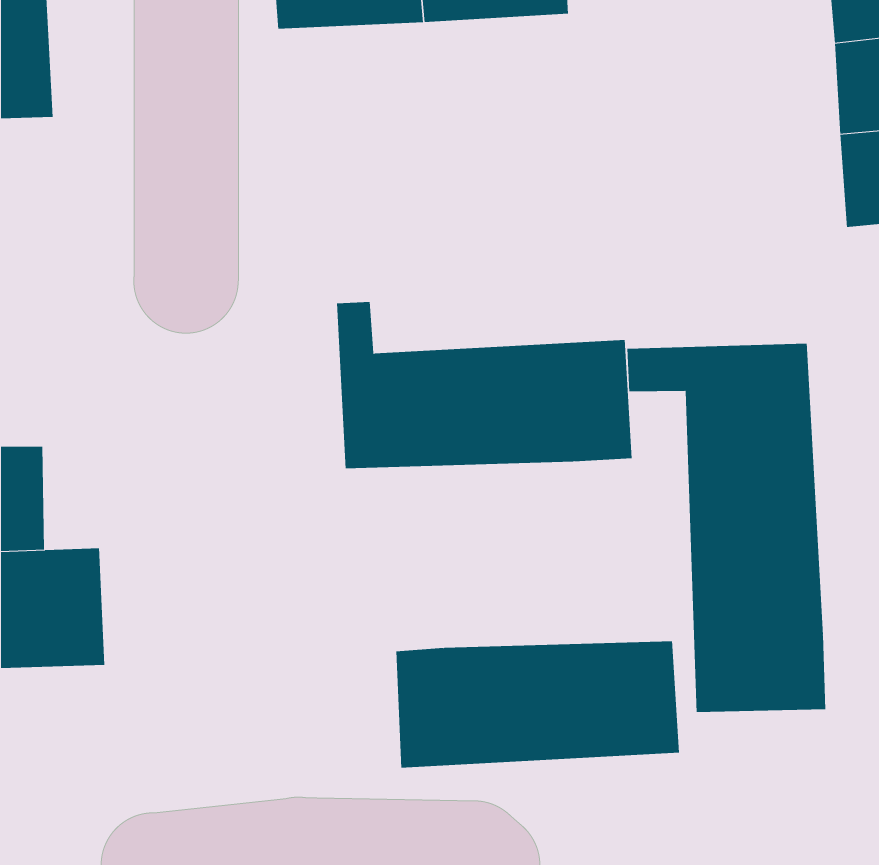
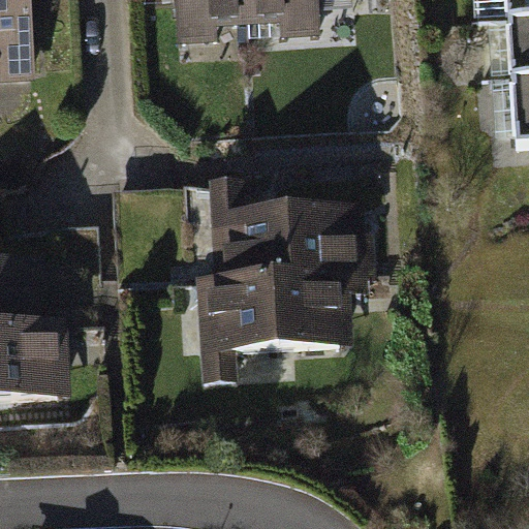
building: [627,343,826,713] -> none
building: [395,641,680,768] -> [179,277,349,353]

